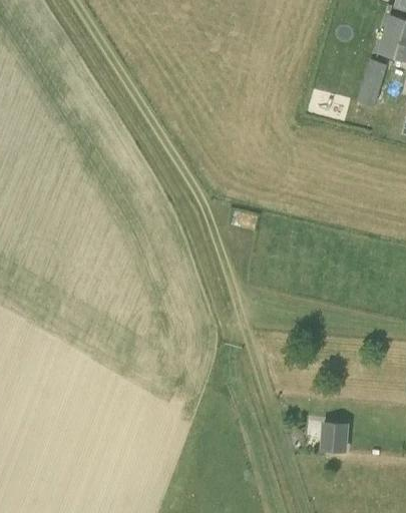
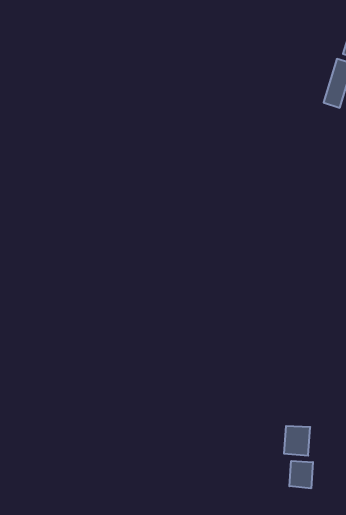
building: none -> [289,461,313,488]

